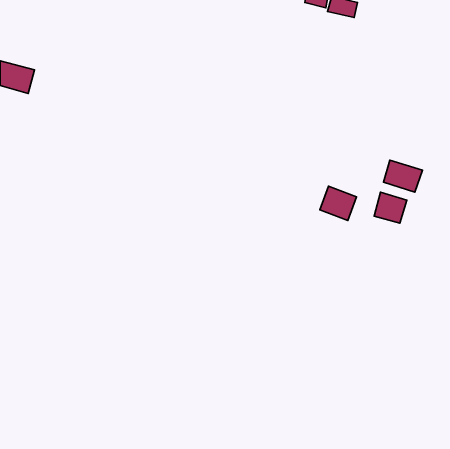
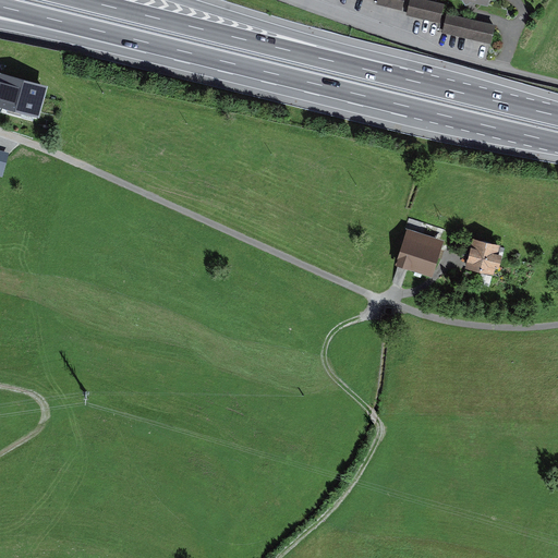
building: none -> [442,13,496,44]
building: [383,160,423,192] -> none

